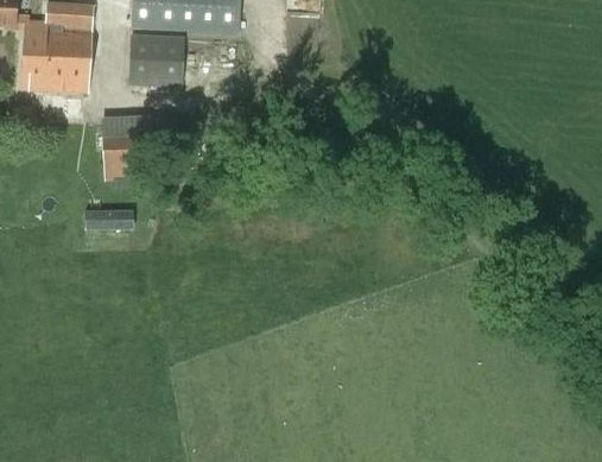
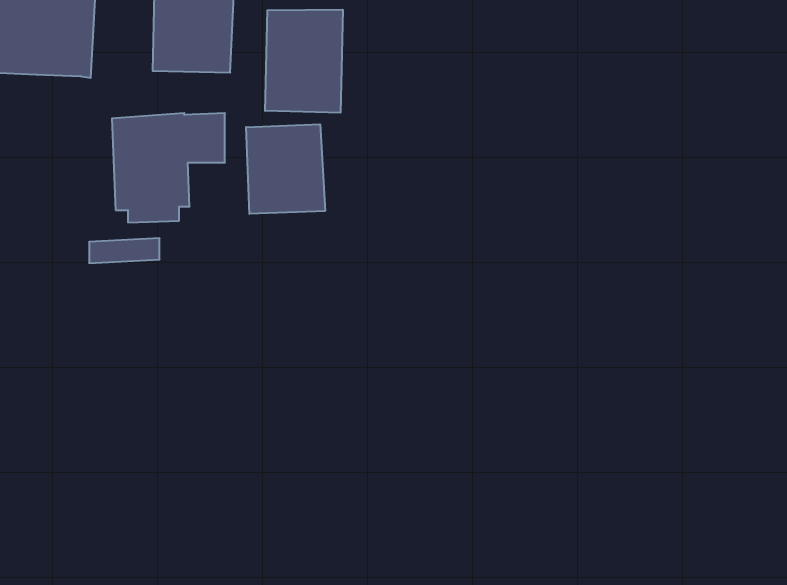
building: none -> [265,10,343,113]
building: none -> [246,124,325,214]

